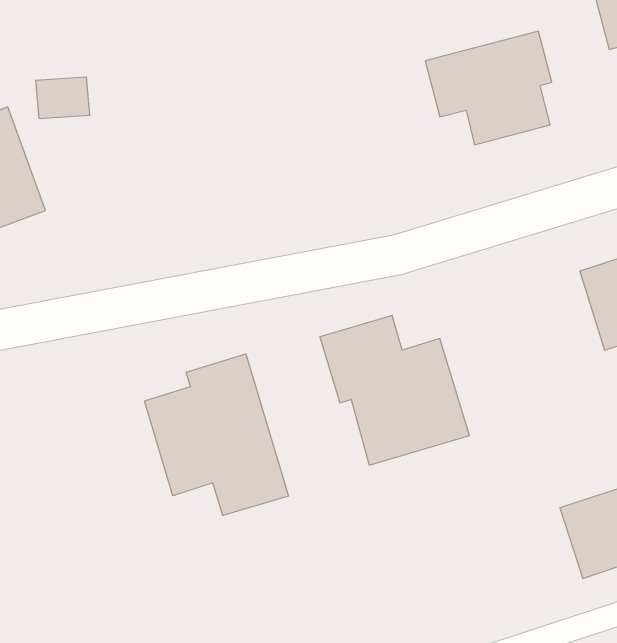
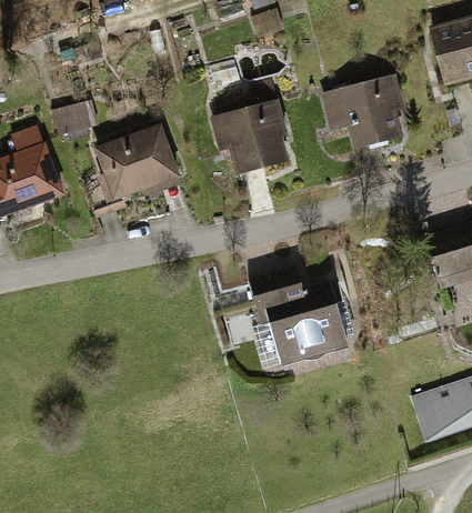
building: none -> [210,79,290,175]
building: none -> [93,122,181,201]
building: [144,354,289,516] -> none

